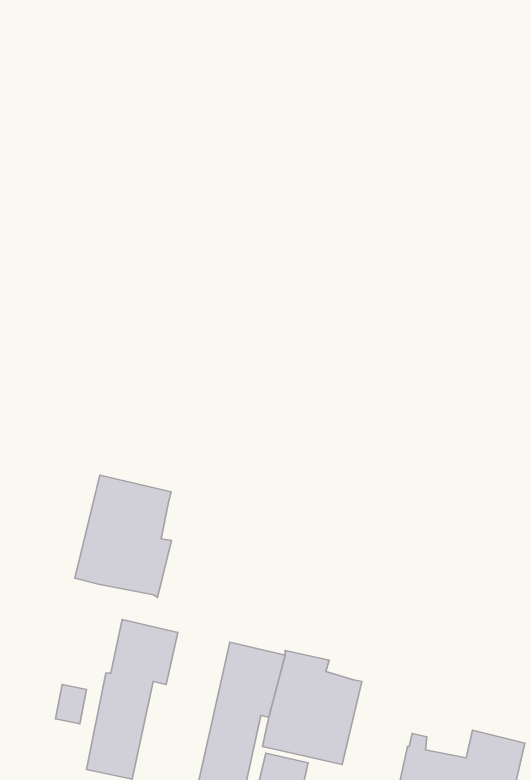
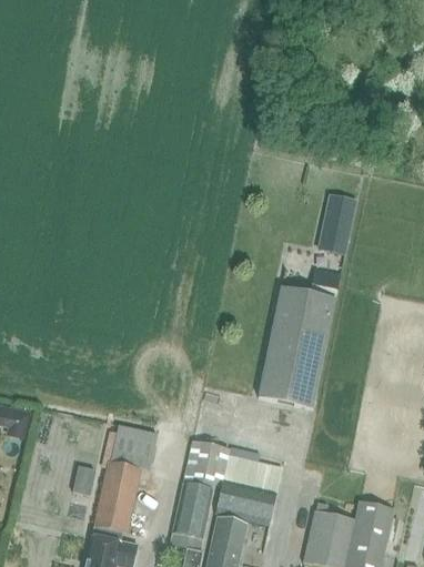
building: none -> [320,196,355,251]
building: none -> [255,267,341,409]
building: [75,475,171,597] -> none

